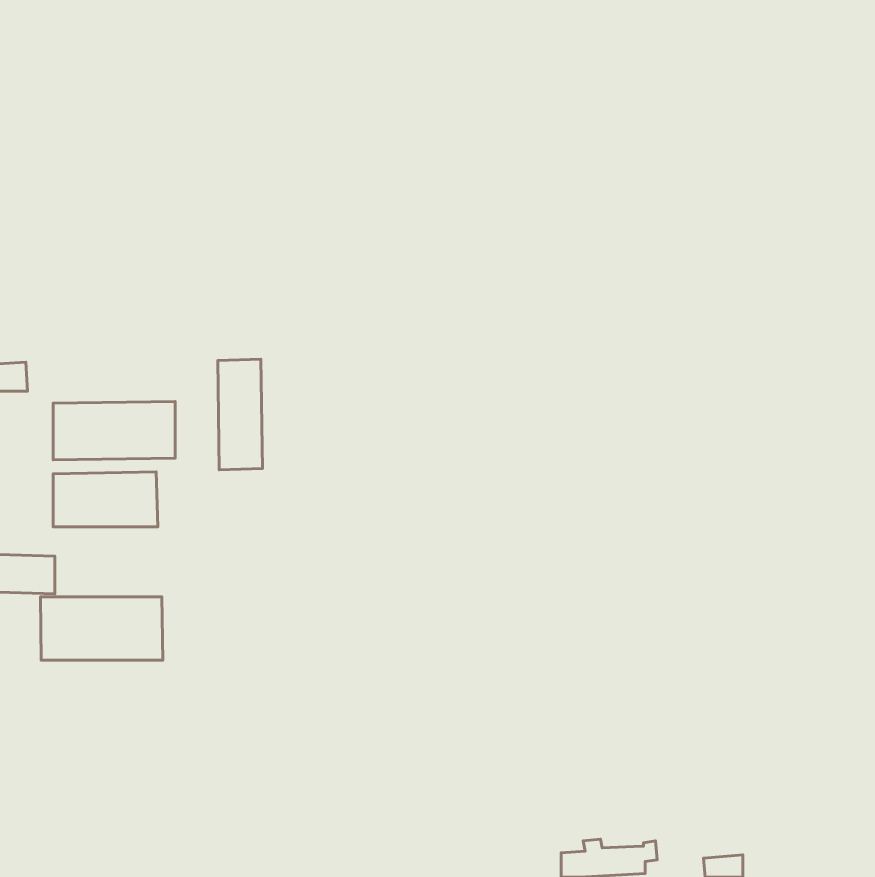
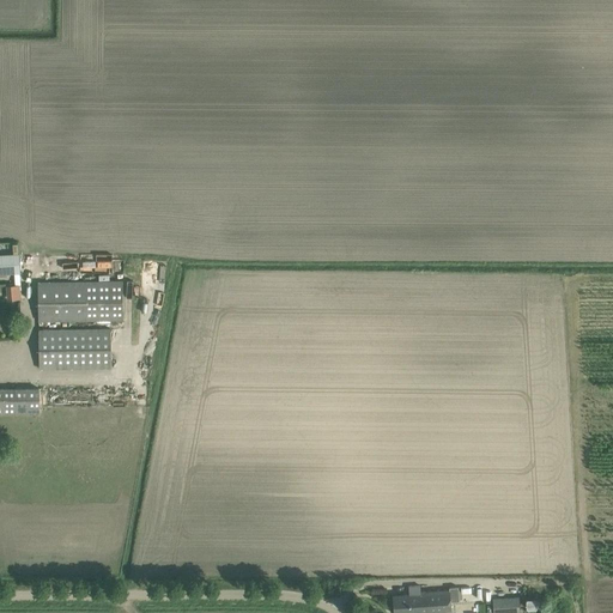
building: [218,359,262,470] -> none
building: [40,597,163,660] -> none

